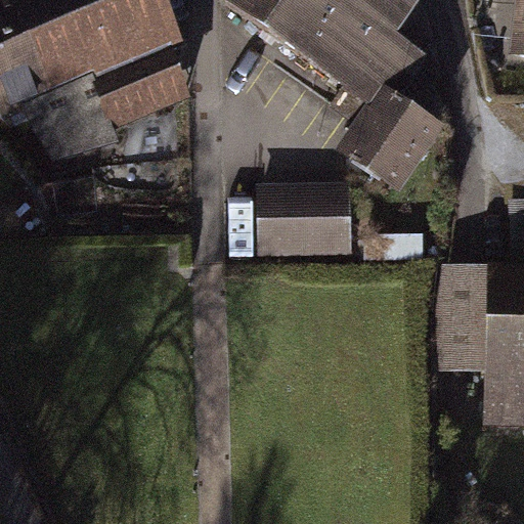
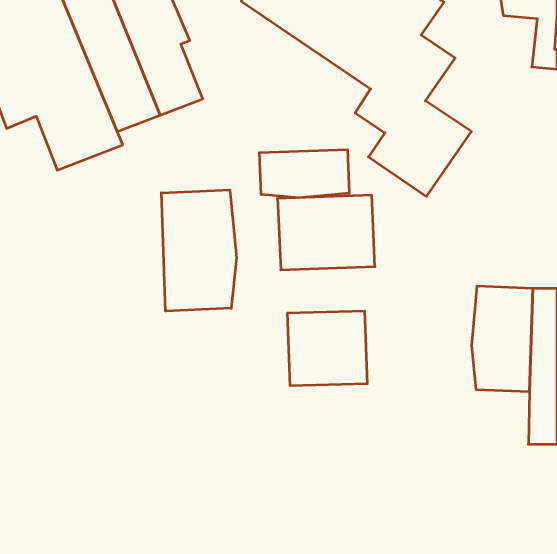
building: none -> [259,150,349,198]
building: none -> [161,190,237,311]
building: none -> [288,311,367,386]

